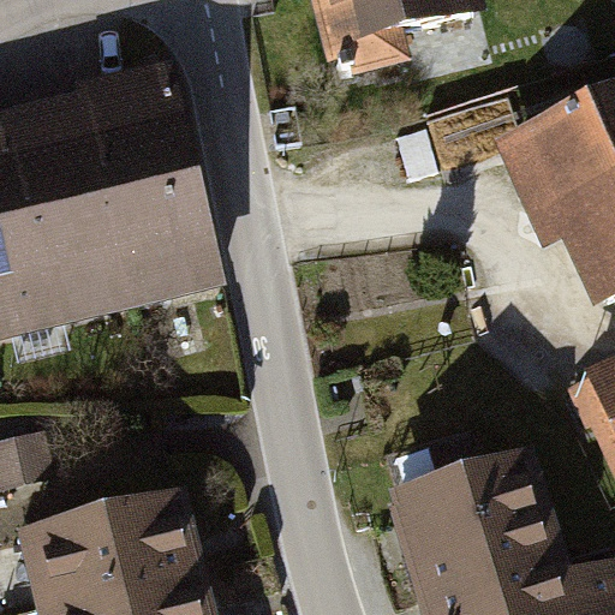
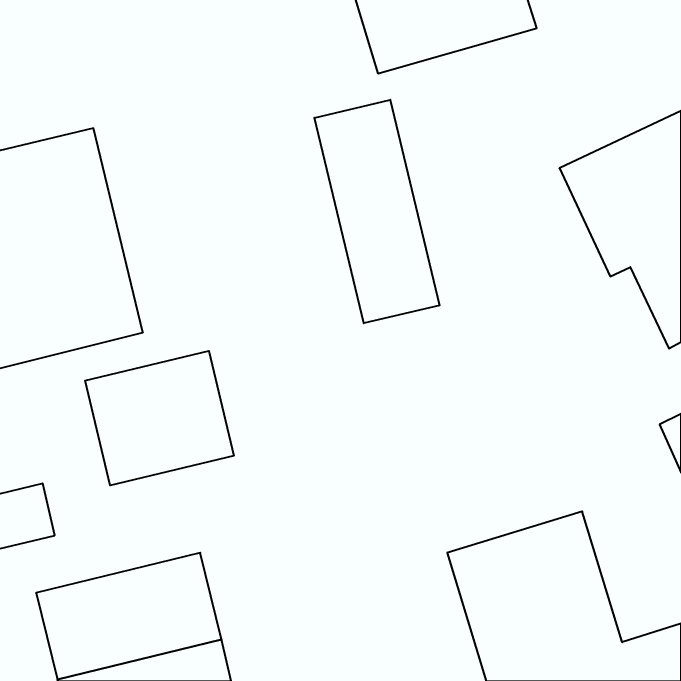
building: [84,65,219,299] -> none
building: none -> [314,100,440,323]
building: none -> [85,351,234,485]

